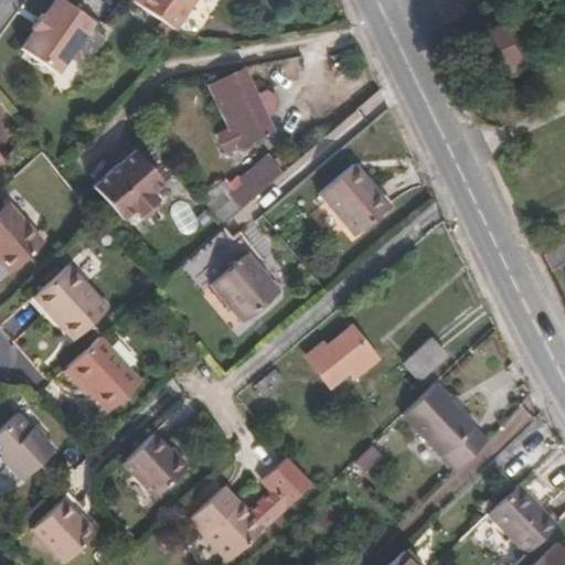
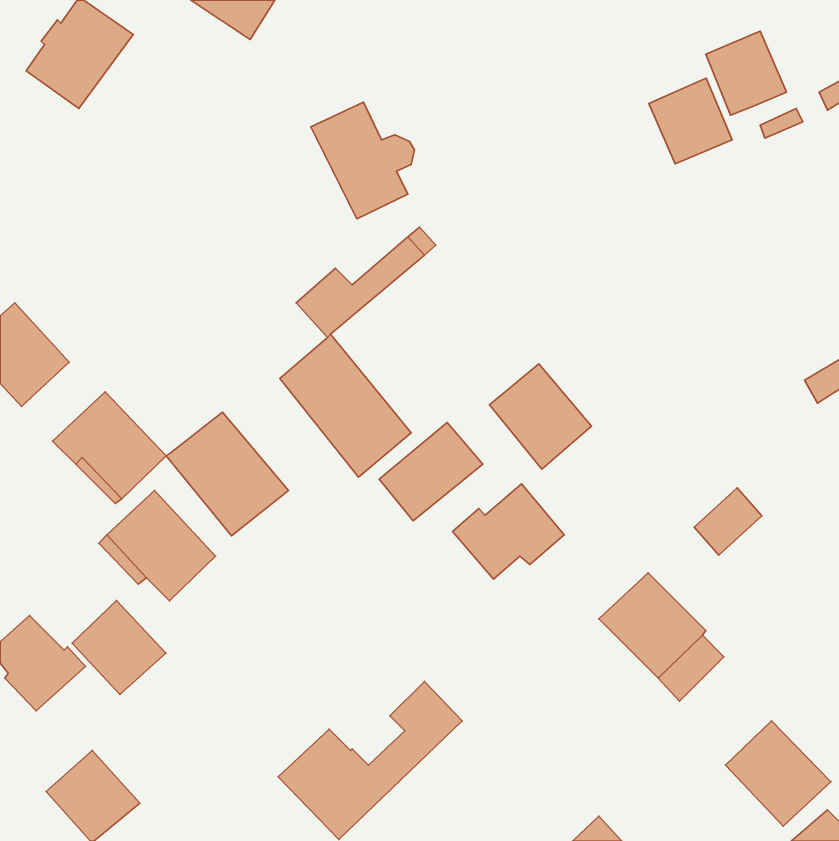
building: none -> [649,78,732,164]
building: [93,150,162,218] -> none
building: [320,164,388,235] -> [489,364,591,469]
building: none -> [166,412,288,536]
building: none -> [379,422,483,521]
building: [403,337,448,382] -> [694,488,762,555]
building: [121,437,184,500] -> [72,601,166,694]

